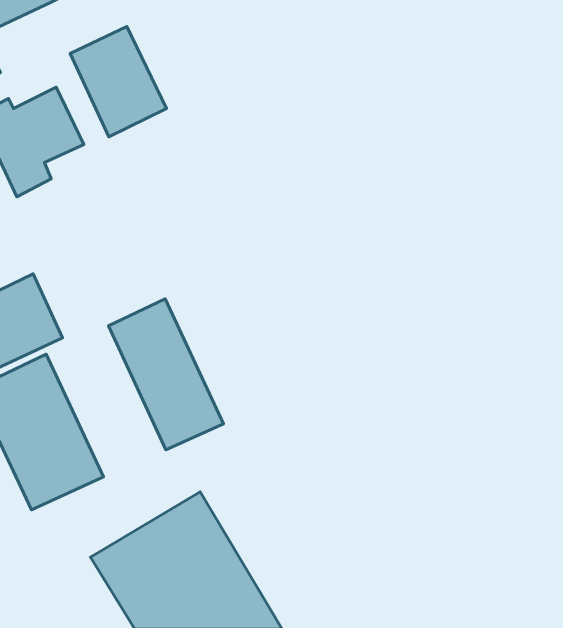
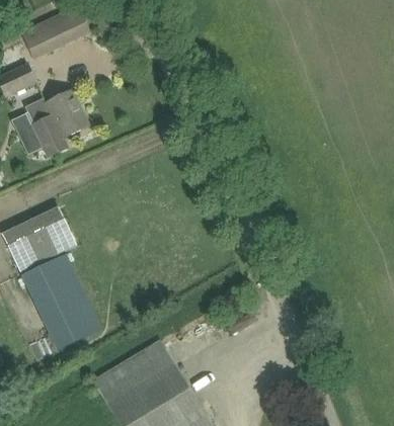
building: [70,26,167,137] -> none
building: [109,299,223,450] -> none

